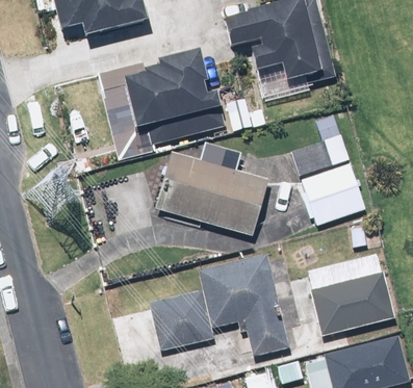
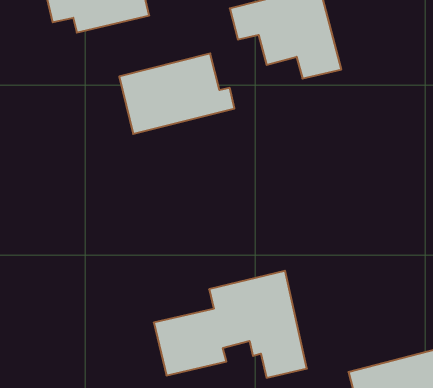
building: [292,135,363,224] -> none
building: [156,141,266,235] -> none
building: [310,271,393,334] -> none

